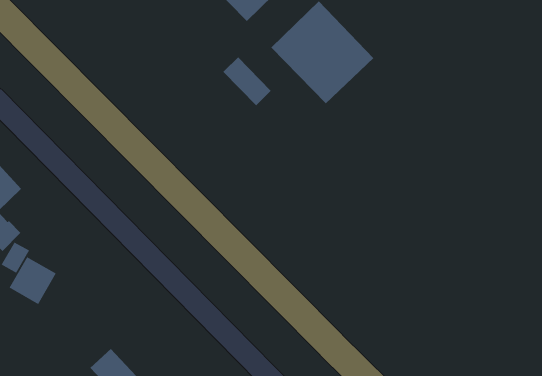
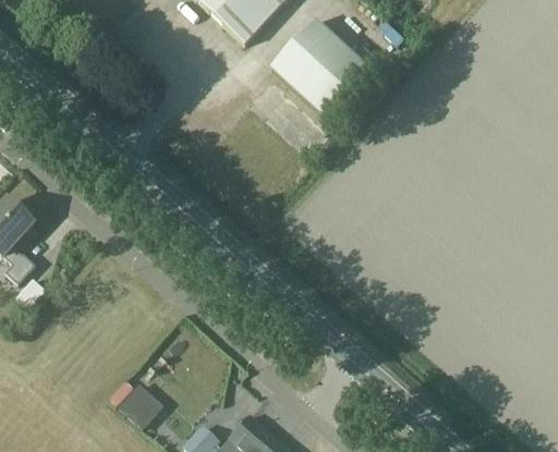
building: [223,56,272,106] -> none
building: [9,256,57,305] -> none

